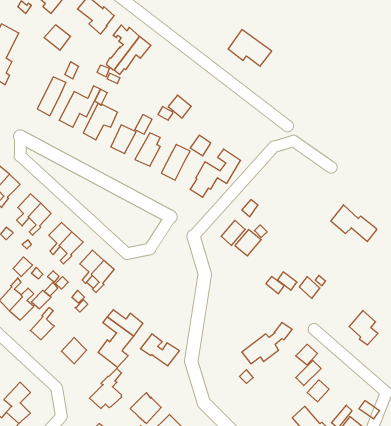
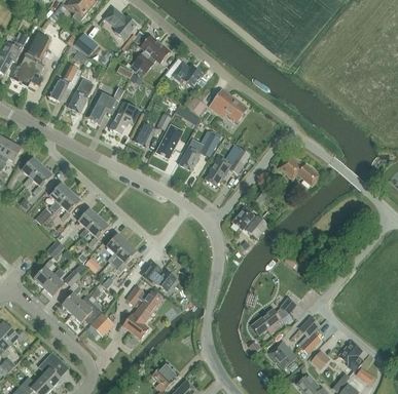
building: [228,29,272,66] -> [209,89,248,122]
building: none -> [172,62,203,88]
building: none -> [47,65,77,103]
building: [331,205,377,242] -> [279,154,320,187]
building: [349,310,378,345] -> [338,341,364,371]
building: [140,334,179,366] -> [142,263,177,291]
building: [89,368,122,409] -> [71,287,100,323]
building: none -> [268,341,294,369]

